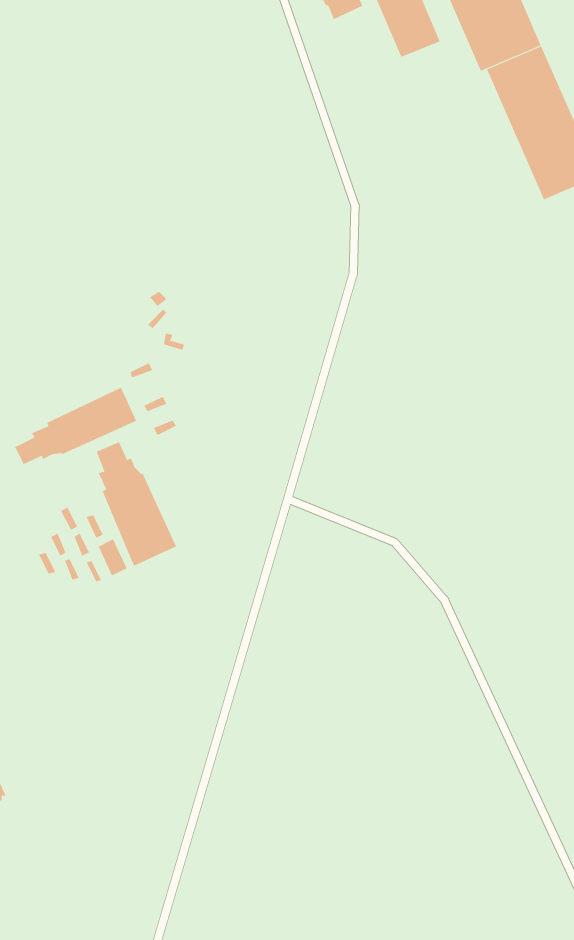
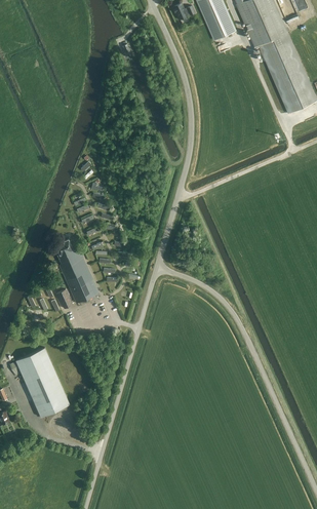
building: [14,387,137,465] -> none
building: none -> [16,348,70,418]

